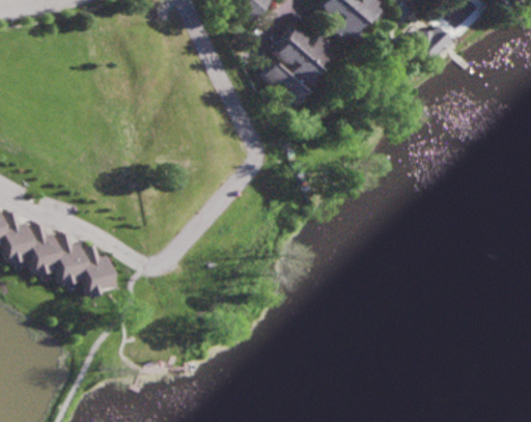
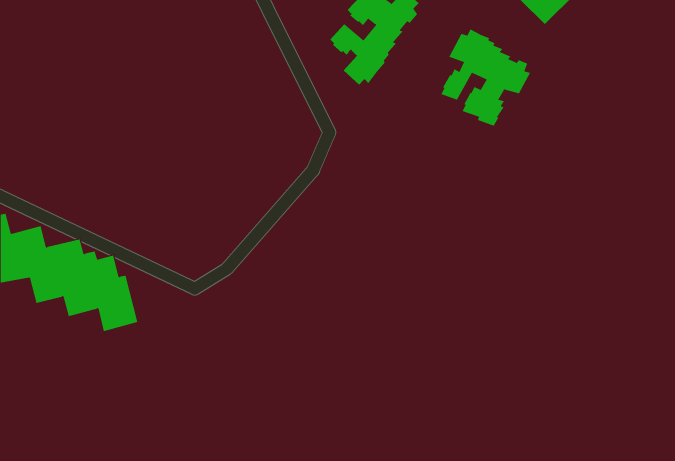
building: none -> [441,29,531,127]

